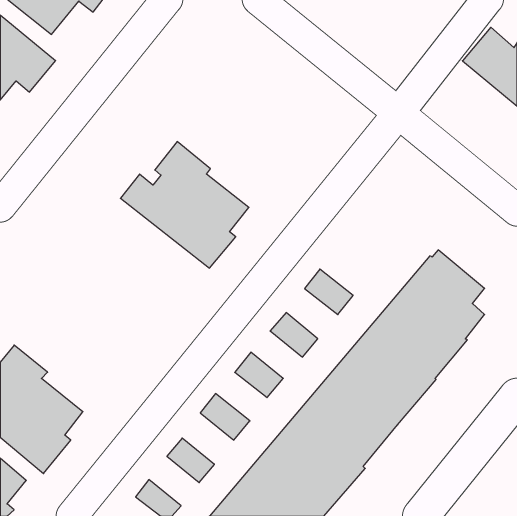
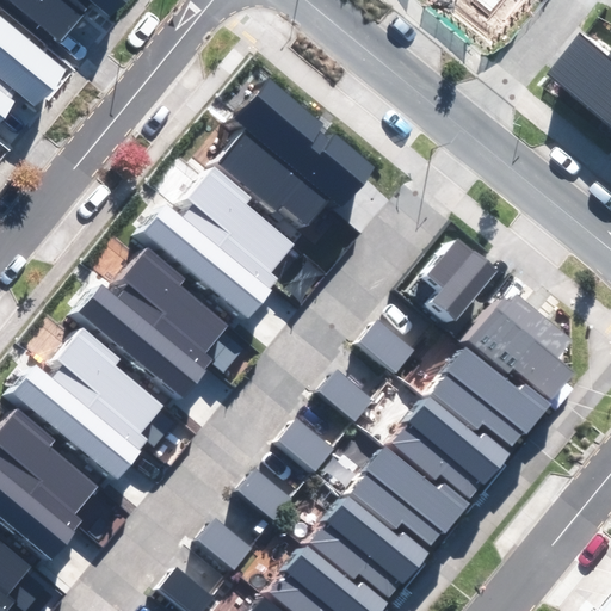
building: none -> [217,76,375,226]
building: none -> [427,237,498,320]
building: none -> [80,247,230,396]
building: none -> [14,326,165,476]

